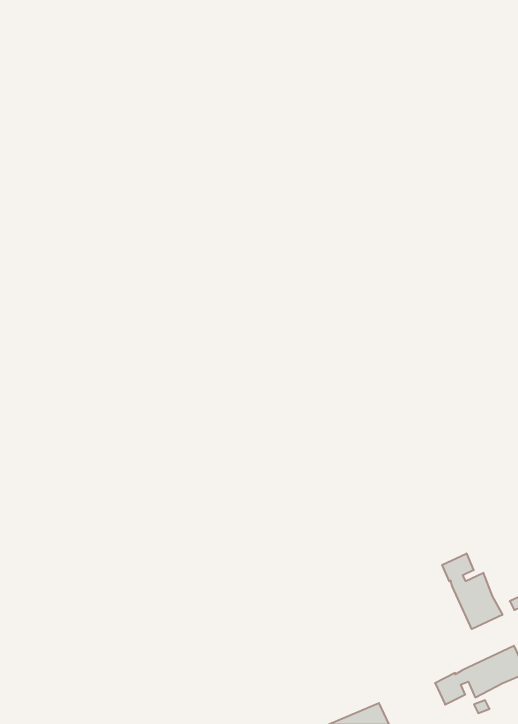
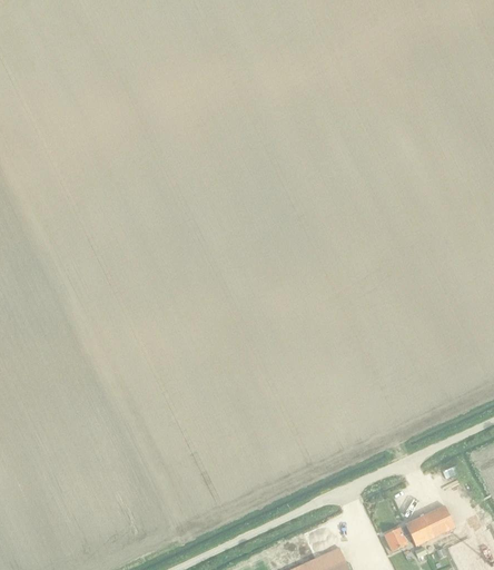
building: [442,553,502,629] -> none

